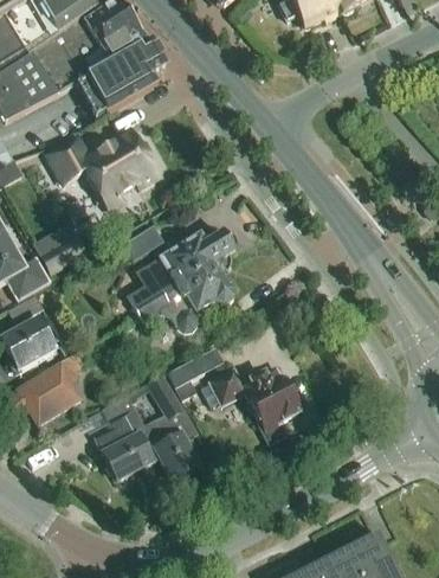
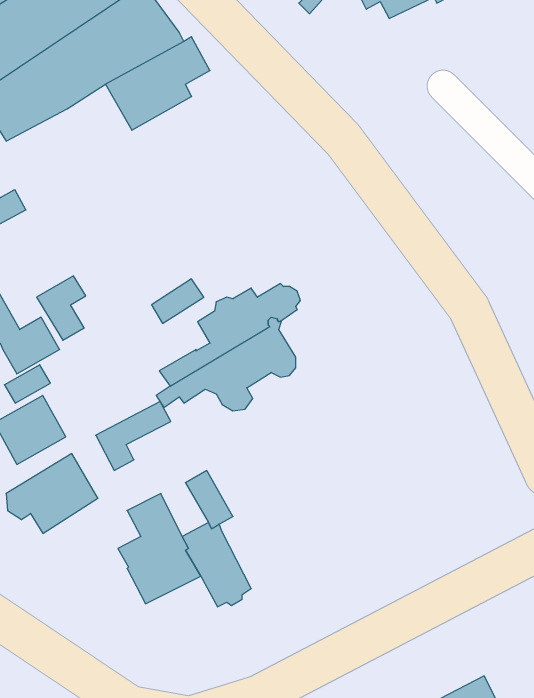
building: [46,128,156,207] -> none
building: [170,347,228,400] -> [96,402,171,470]
building: [209,366,301,441] -> none

